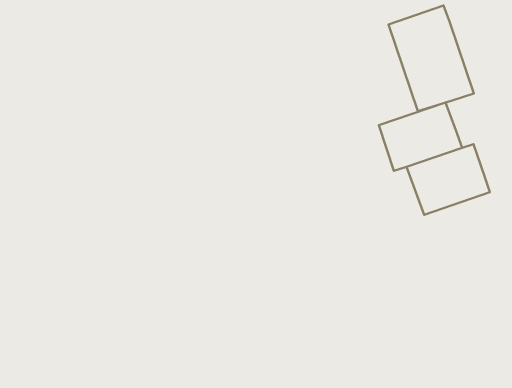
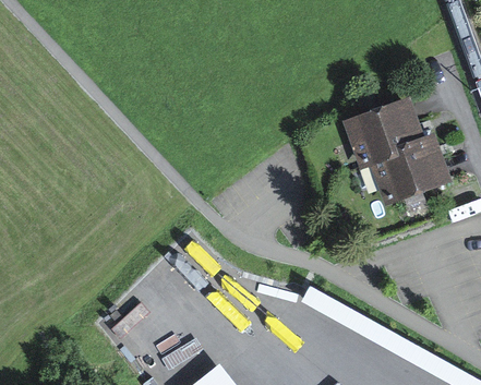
building: [389,6,474,111] -> none

